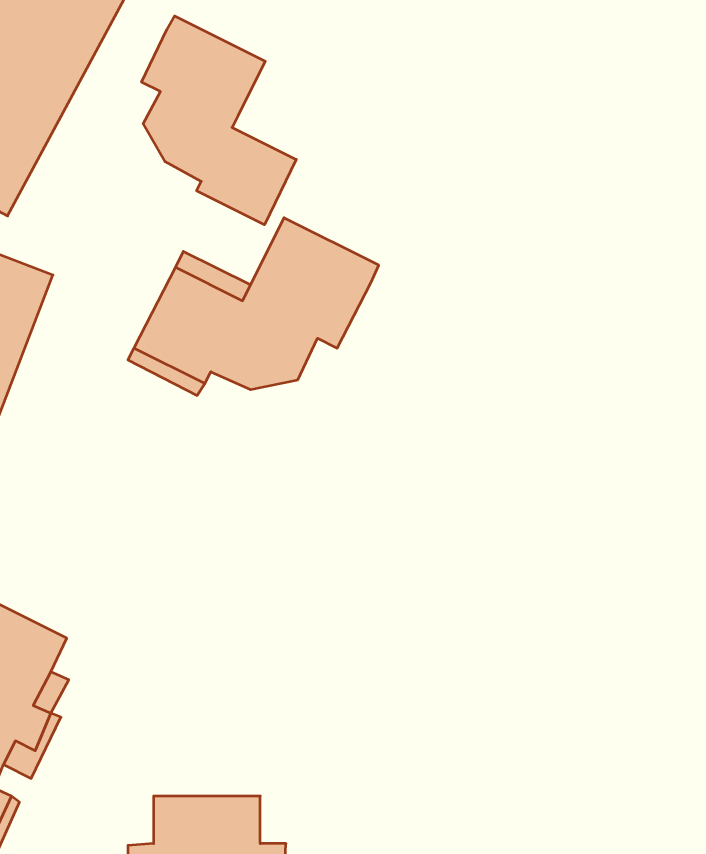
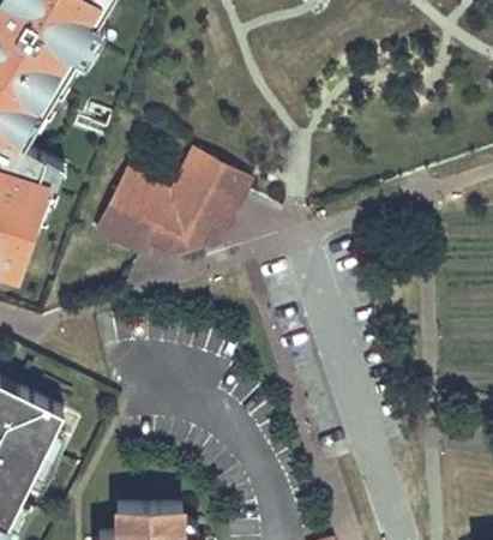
building: [142,16,296,225] -> none

